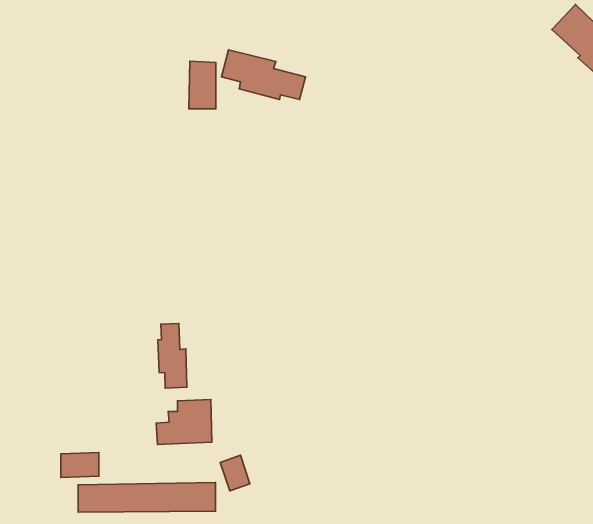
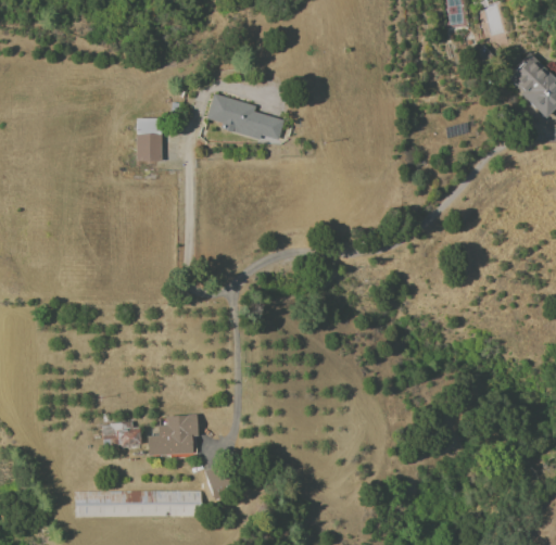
building: [189,61,216,109] -> [137,118,162,162]
building: [158,323,187,388] -> none
building: [61,453,99,477] -> [103,423,138,446]

